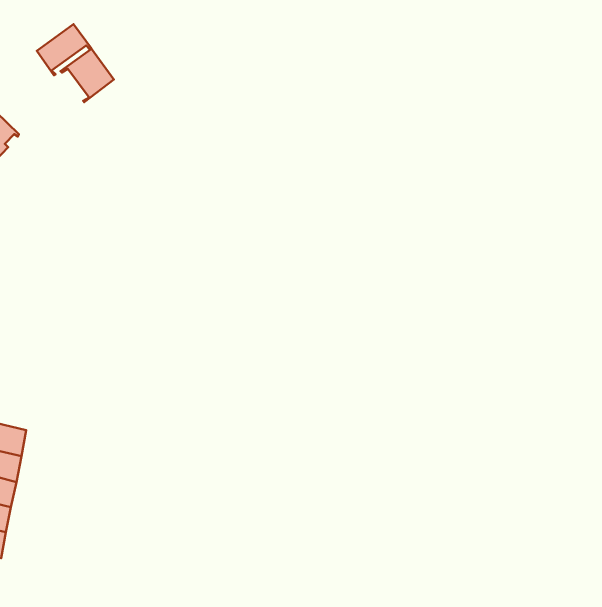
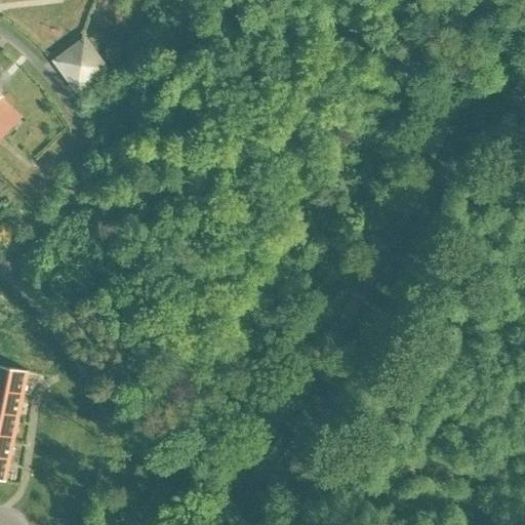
building: [37,24,92,75] -> none

